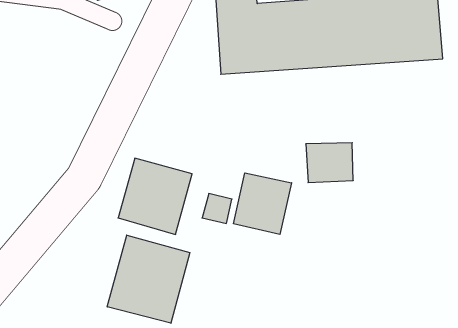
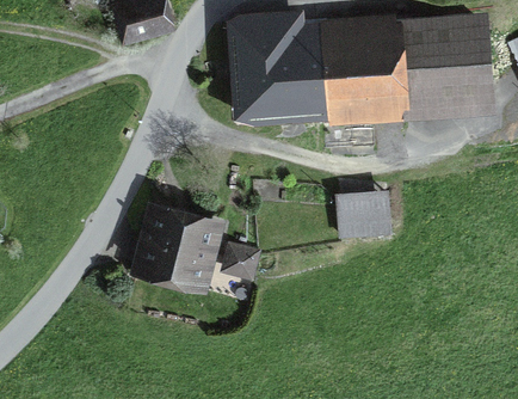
building: [234,173,292,234] -> none
building: [107,235,190,323] -> none

